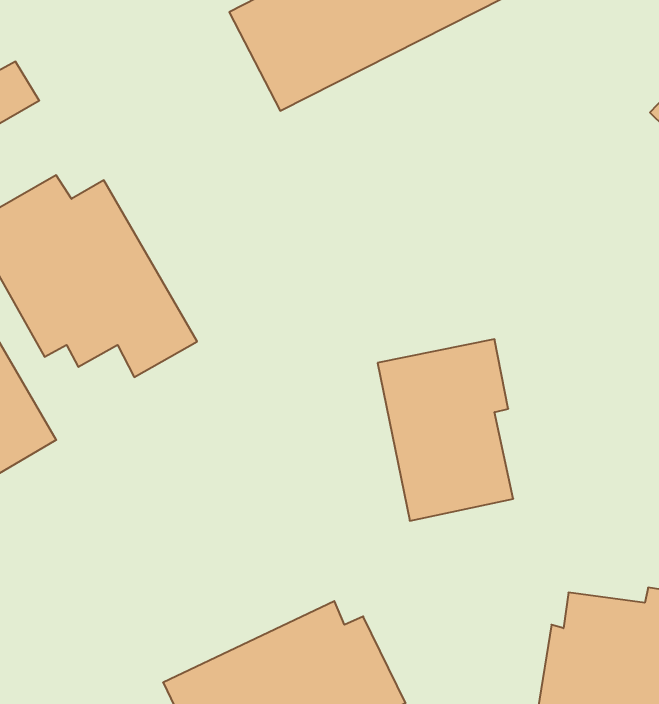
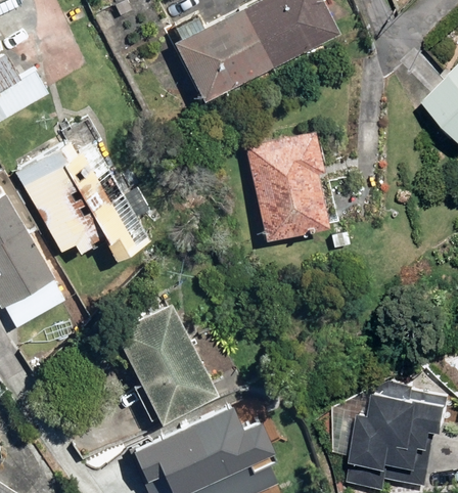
building: [378,339,513,521] -> [245,132,327,241]
building: none -> [111,304,213,422]

